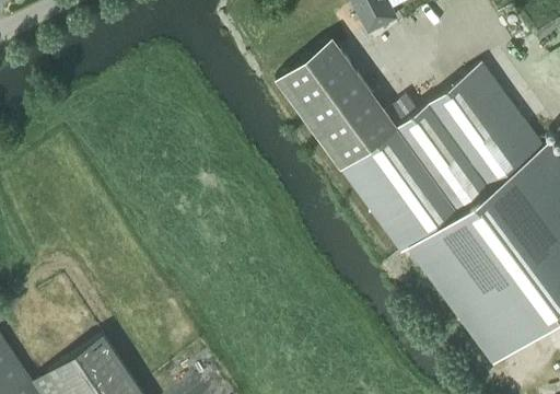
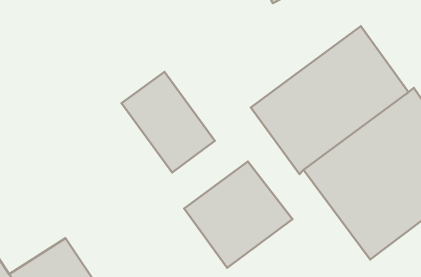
building: [276,40,395,170] -> [122,72,215,173]
building: none -> [184,161,293,268]

